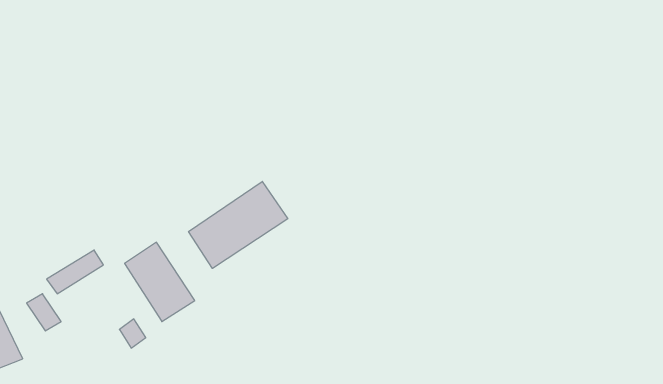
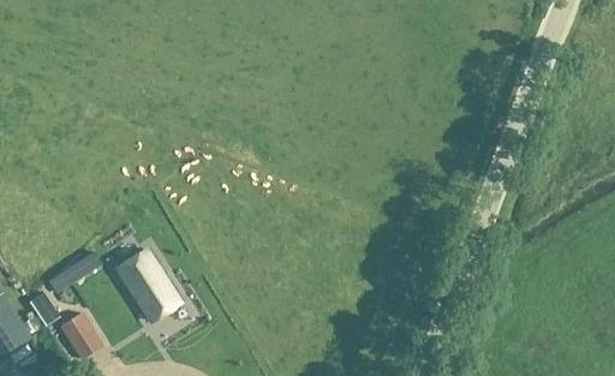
building: [189,181,288,268] -> none
building: none -> [59,312,94,358]

